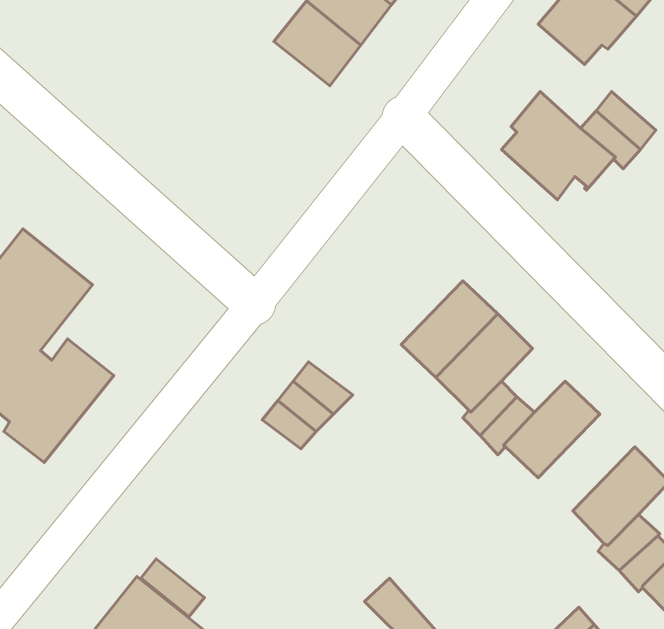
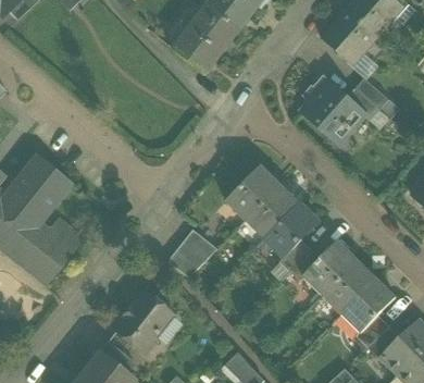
building: none -> [225,165,279,220]
building: none -> [322,259,376,313]
building: none -> [112,292,172,353]

